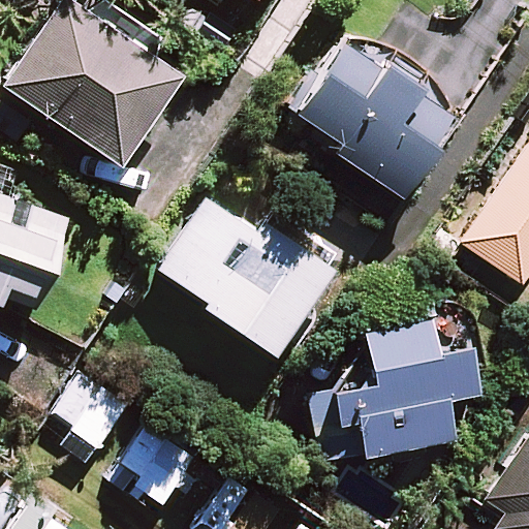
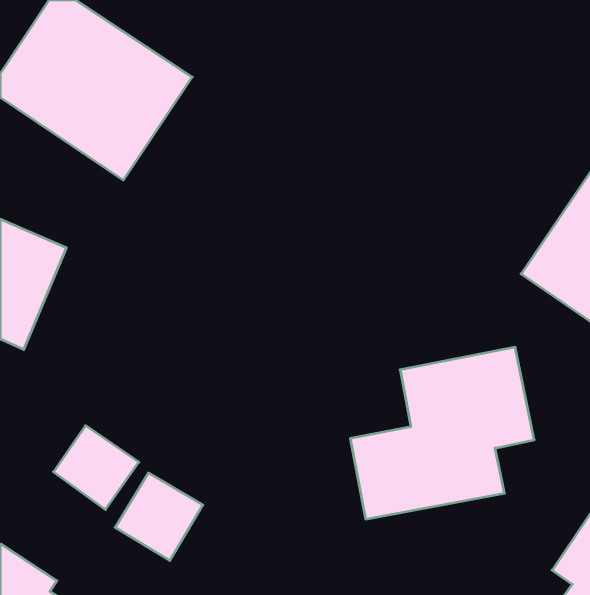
building: [294,41,453,197] -> none
building: [165,203,334,355] -> none

